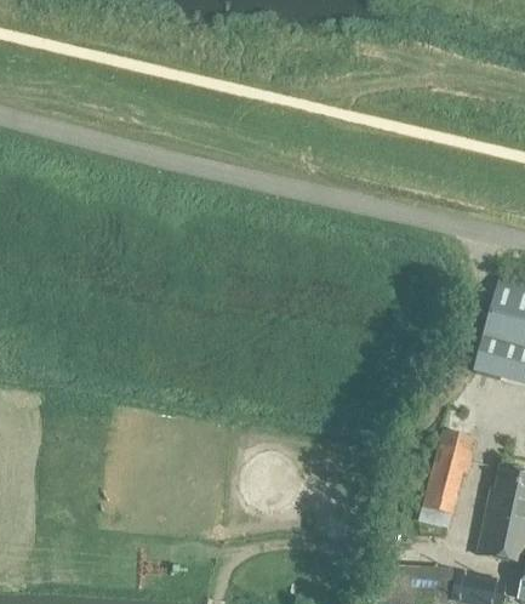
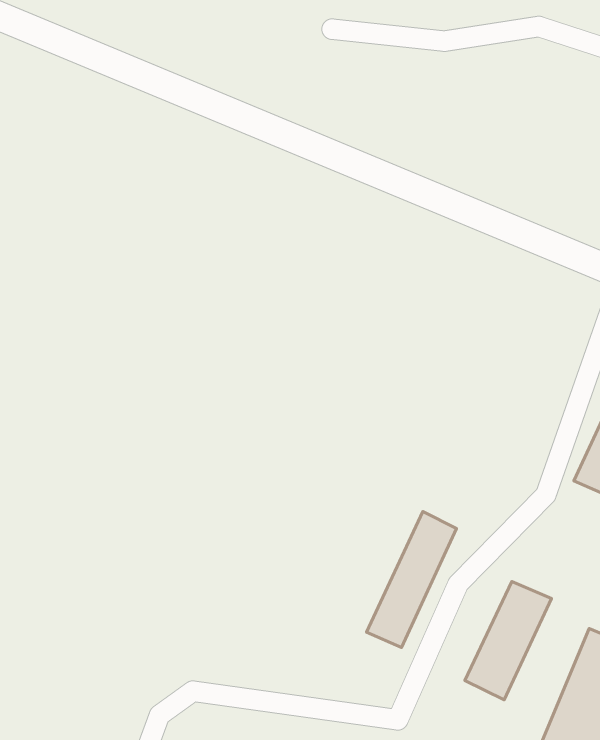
building: none -> [366,511,456,648]

